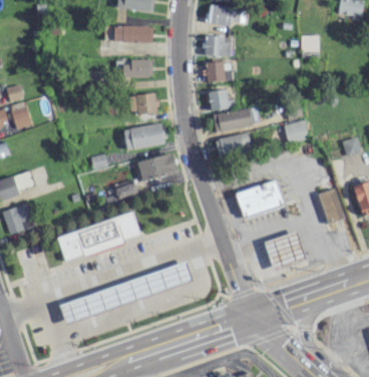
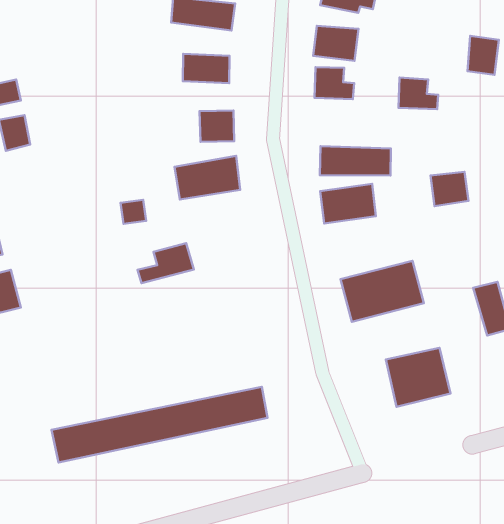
building: [210,90,235,109] -> [399,77,438,109]
building: [137,152,177,180] -> none
building: [53,210,140,263] -> none

